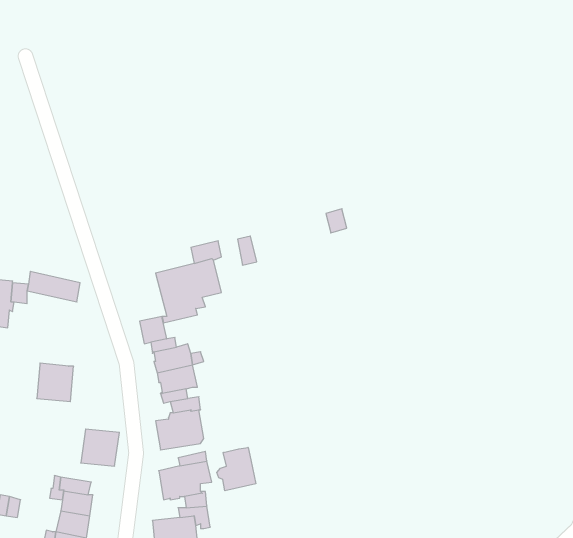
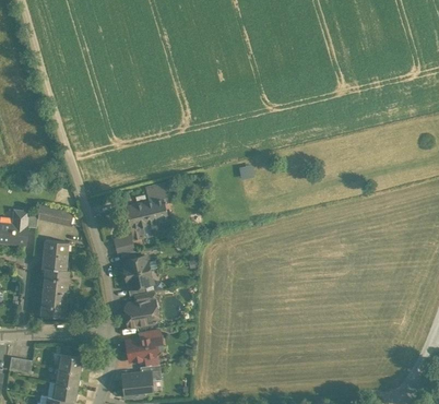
building: none -> [41,240,68,271]
building: [81,429,119,466] -> [39,293,66,318]
building: [217,447,256,491] -> none

